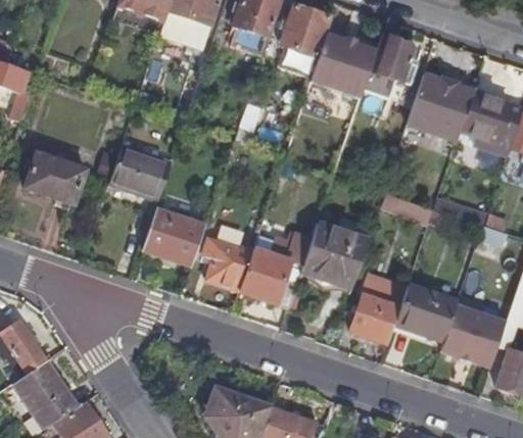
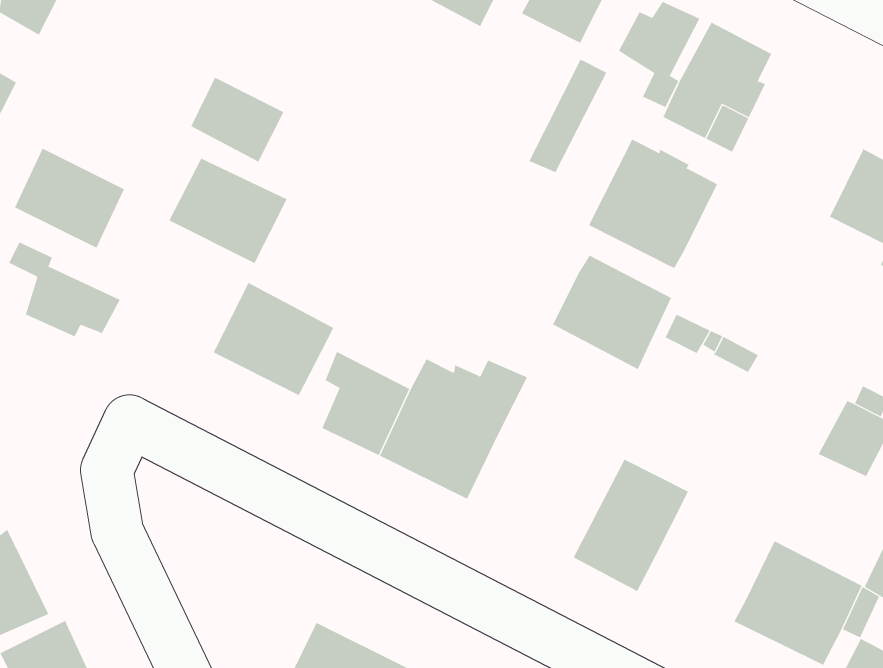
building: [406,74,471,139] -> [588,139,718,269]
building: none -> [190,77,284,162]
building: none -> [8,241,121,337]
building: [301,228,363,285] -> [552,255,672,370]
building: [393,284,457,339] -> none

